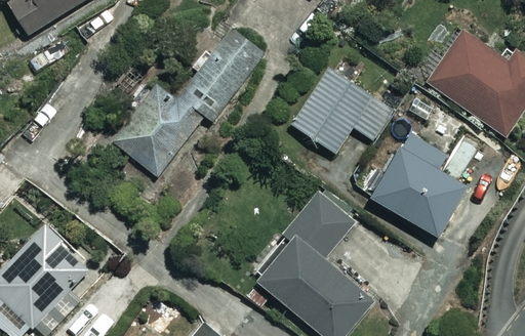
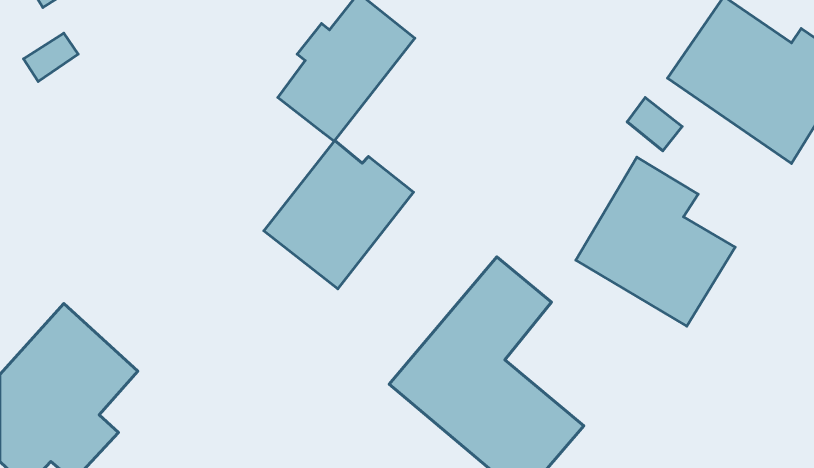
building: [287,67,392,157] -> none
building: [112,83,207,177] -> [264,141,414,289]

